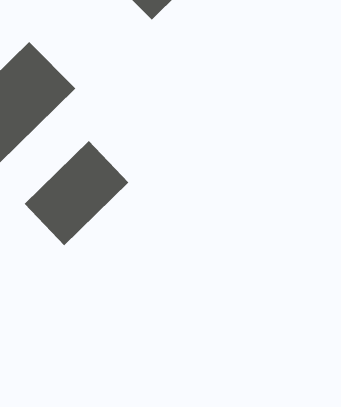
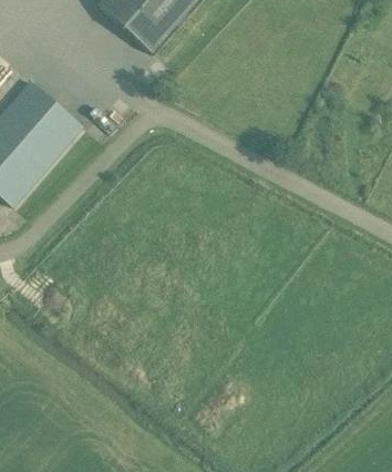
building: [24,140,129,246] -> none

